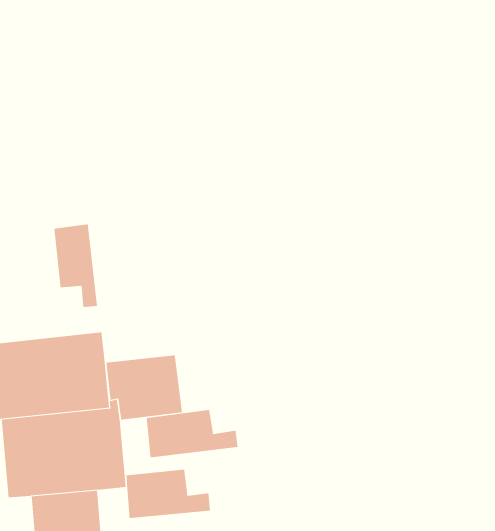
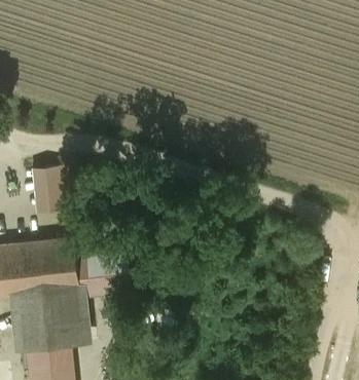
building: [146,409,238,458] -> none
building: [126,469,211,519] -> none

